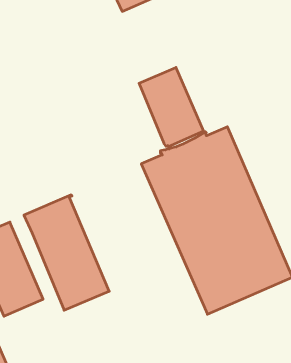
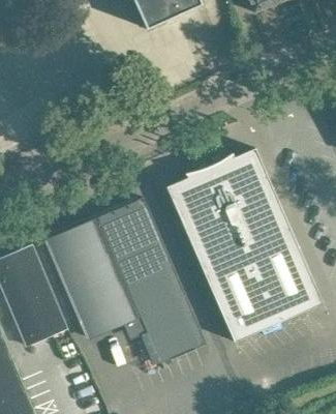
building: [139,67,204,147] -> none
building: none -> [93,198,205,363]

